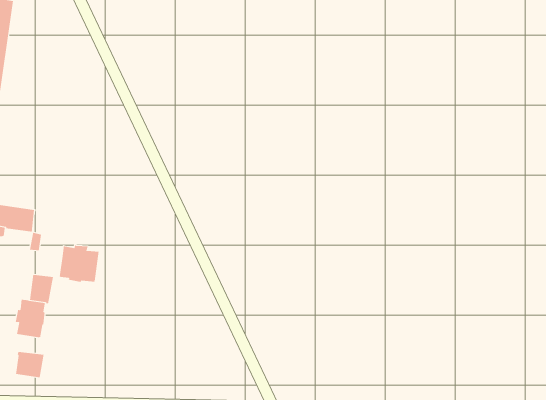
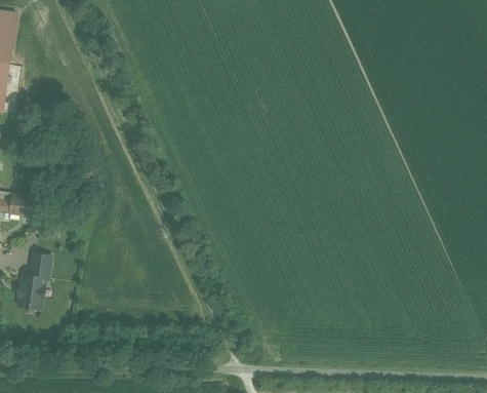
building: [59,245,99,283] -> none
building: [15,351,44,378] -> none

